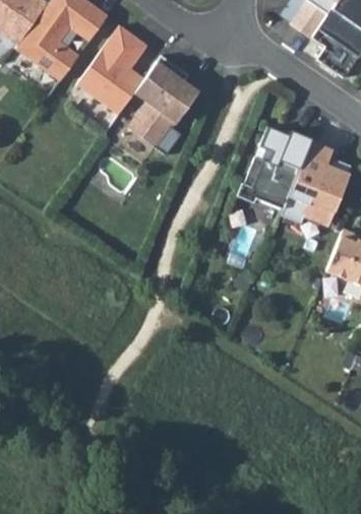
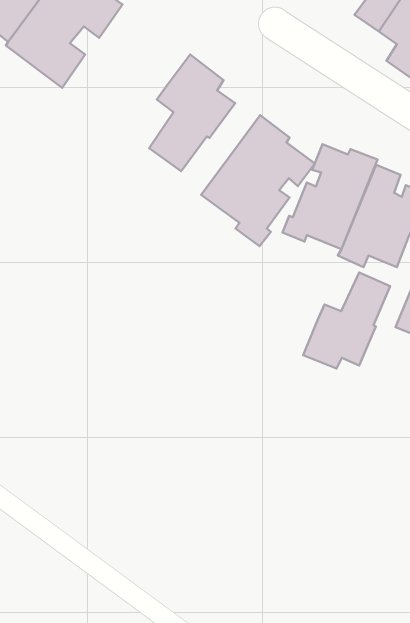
building: [78,24,148,114] -> none
building: none -> [201,115,315,246]
building: none -> [303,273,390,368]

